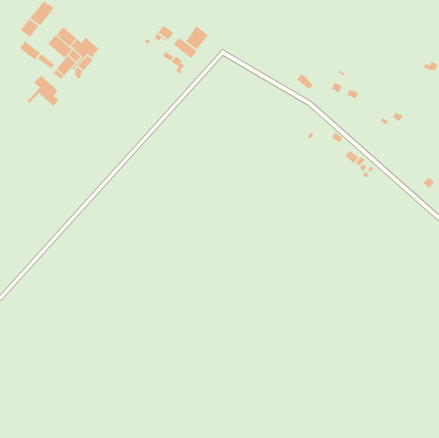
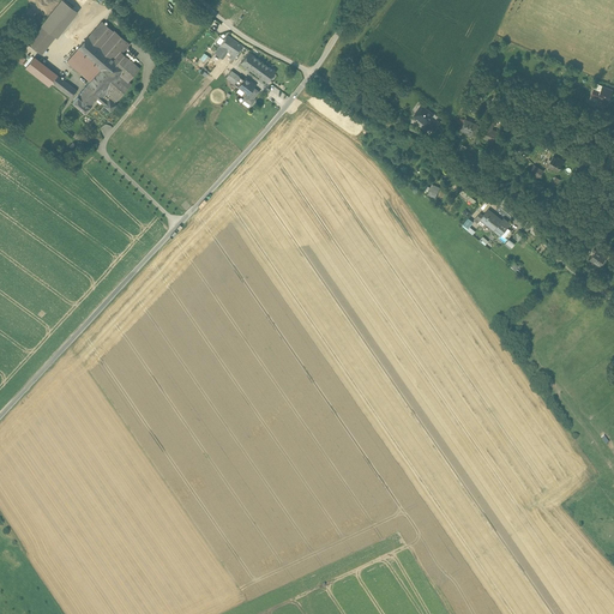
building: none -> [89,23,128,60]
building: [184,26,209,50] -> none
building: [27,75,59,107] -> none

